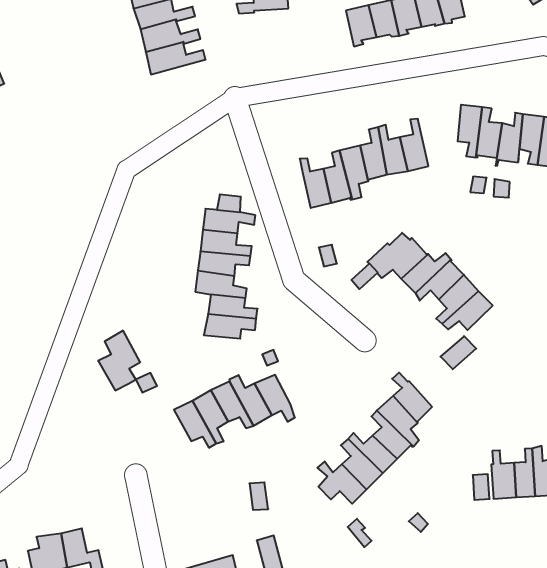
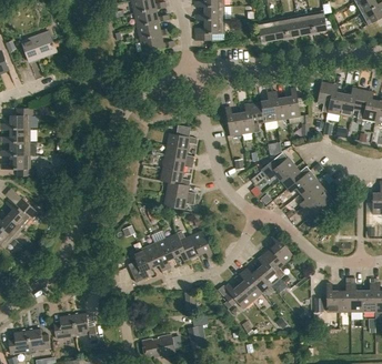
building: none -> [194,19,224,40]
building: [98,331,140,390] -> [128,247,152,282]

